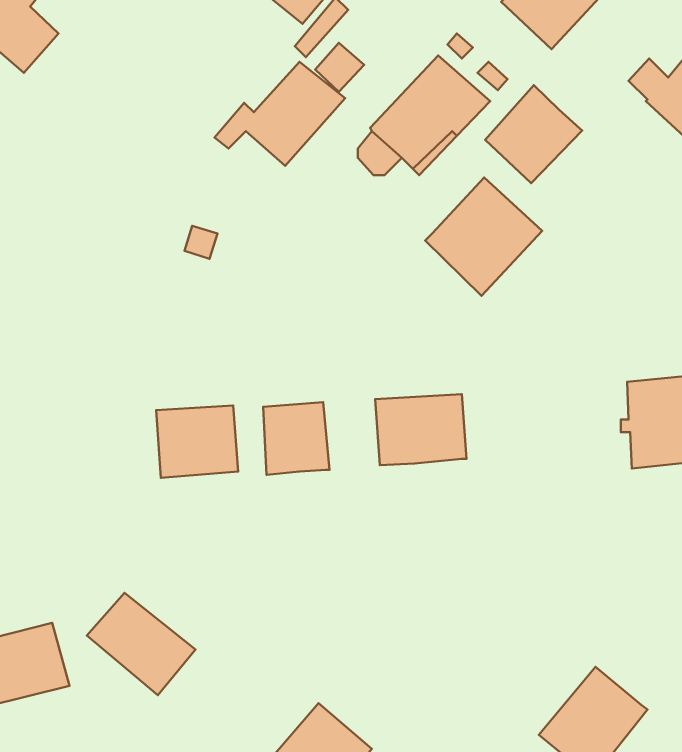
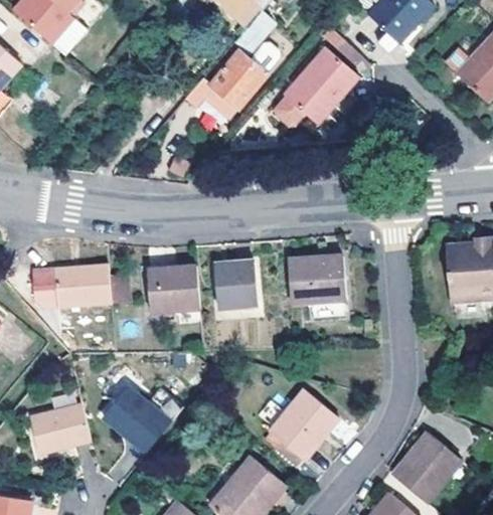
building: [485,85,582,183] -> none
building: [425,178,542,296] -> none
building: none -> [52,264,112,309]
building: none -> [268,390,337,461]

